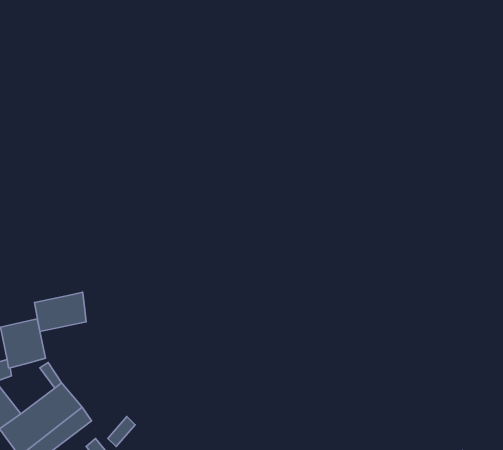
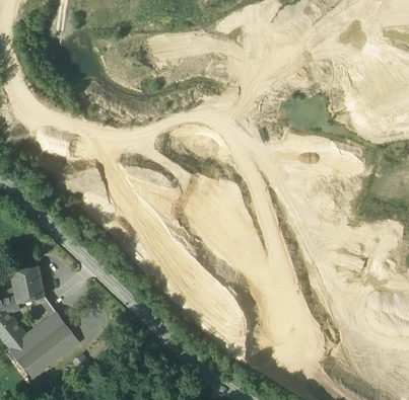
building: [34,292,86,332] -> none

